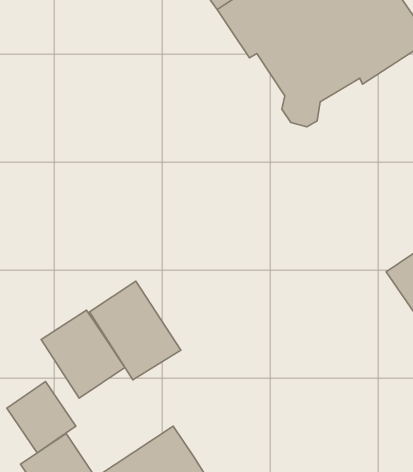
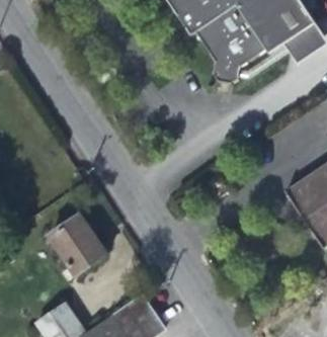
building: [89,281,181,380] -> none
building: [7,381,76,453] -> none

